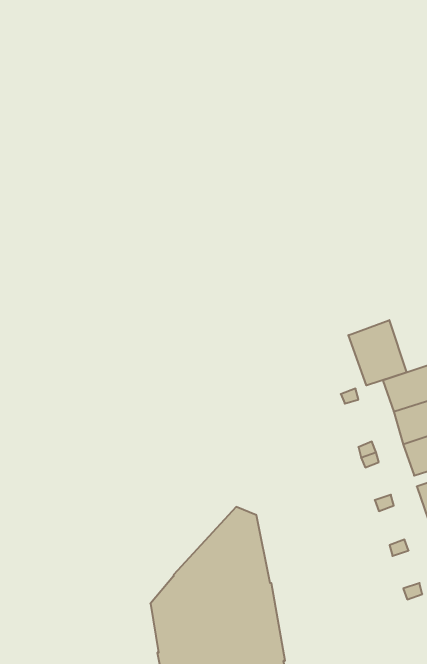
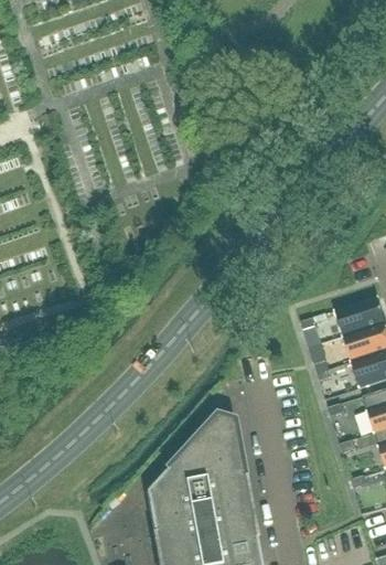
building: [348,320,407,385] -> none

